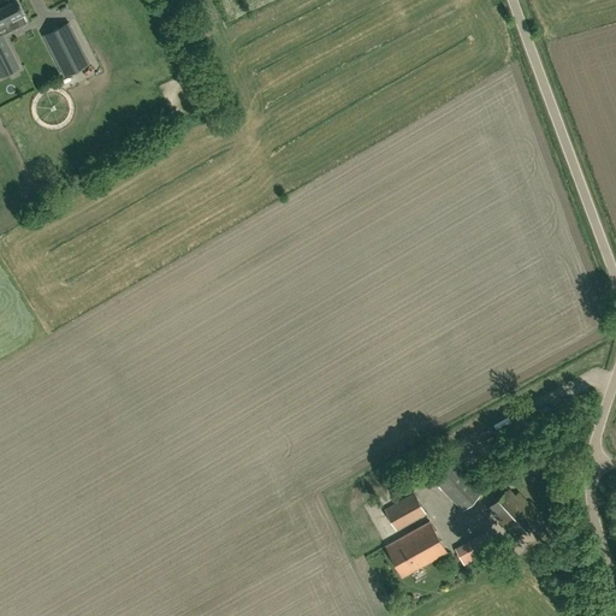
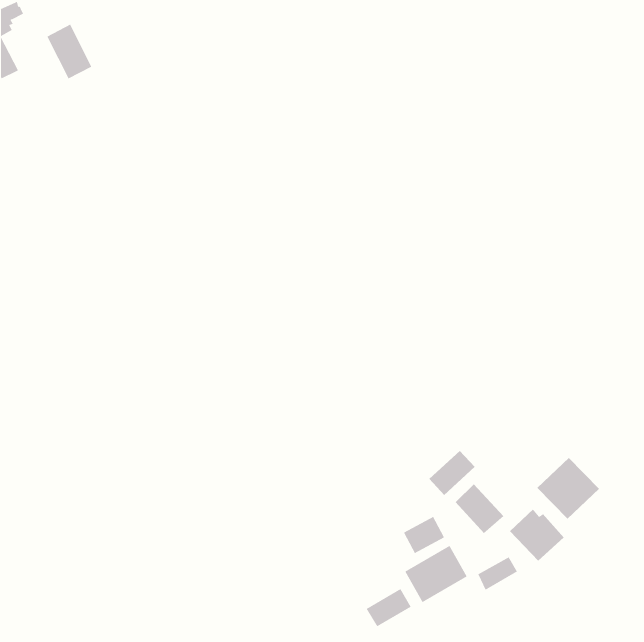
building: none -> [428,450,476,496]
building: none -> [536,457,600,520]
building: none -> [366,588,412,627]

